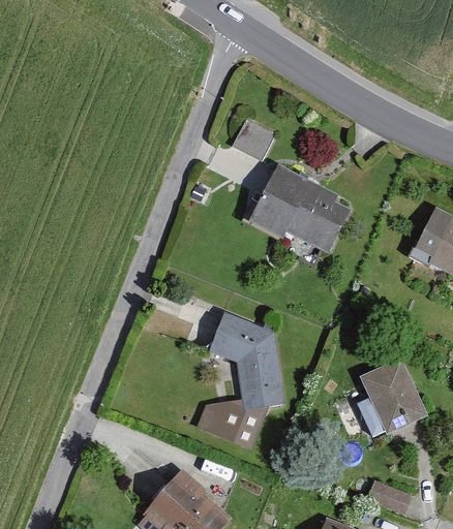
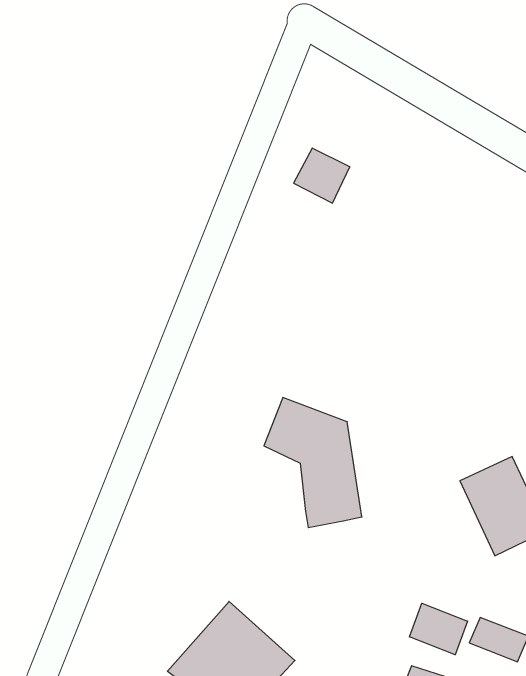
building: [247,164,351,253] -> none
building: [195,400,269,452] -> none
building: none -> [409,603,468,655]

